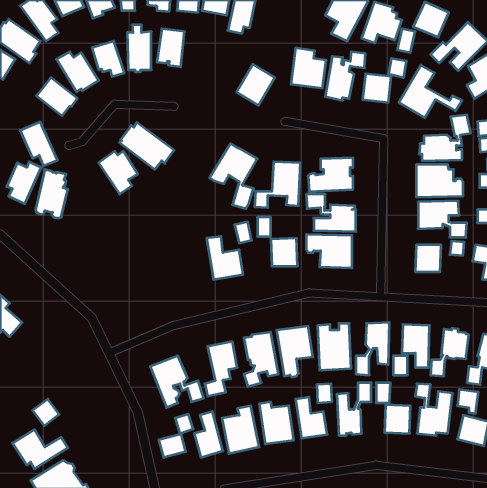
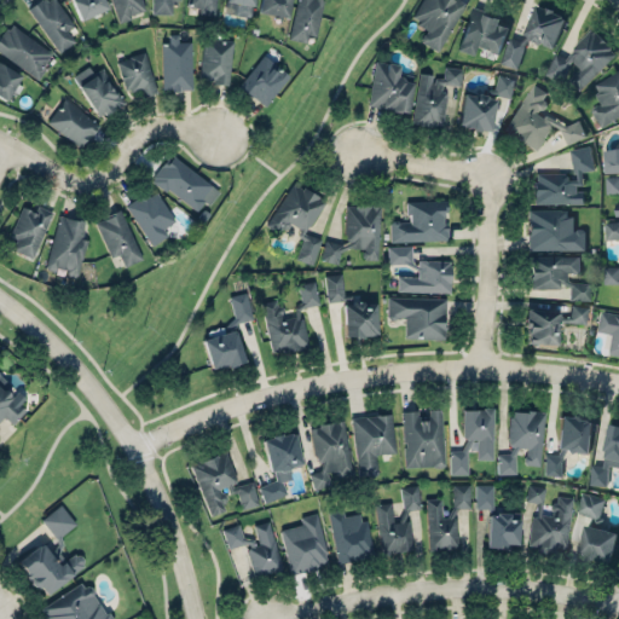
building: [237,64,275,105] -> [242,56,290,108]
building: [20,122,57,166] -> [97,212,144,267]
building: none -> [204,294,254,370]
building: [159,434,186,458] -> none

